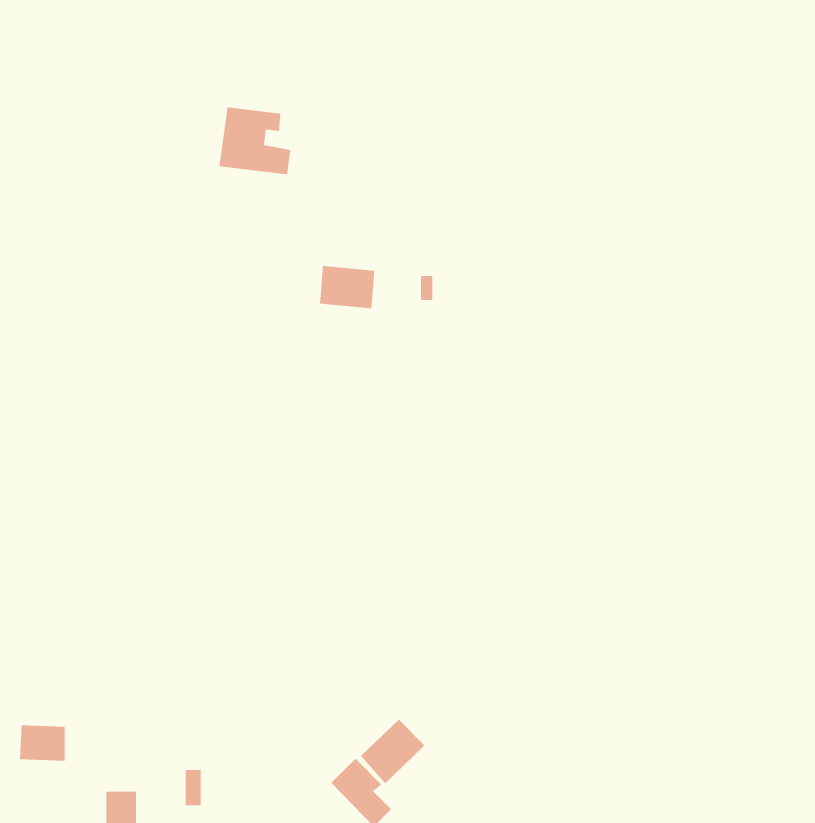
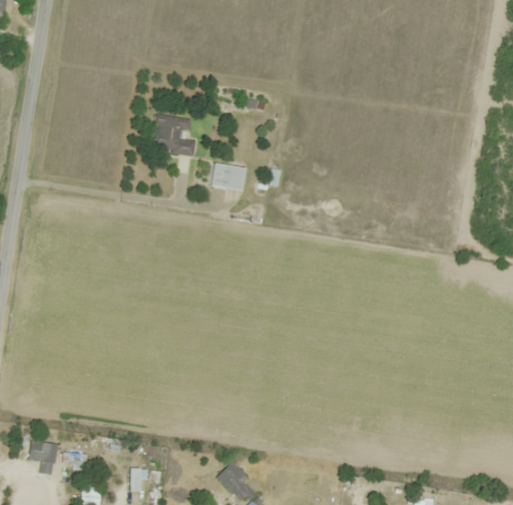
building: [218,107,291,175] -> [153,114,197,155]
building: [360,719,425,784] -> none

